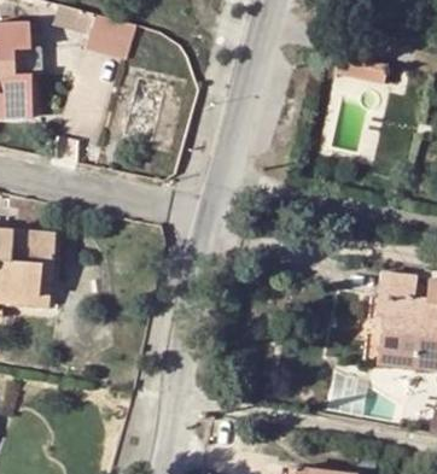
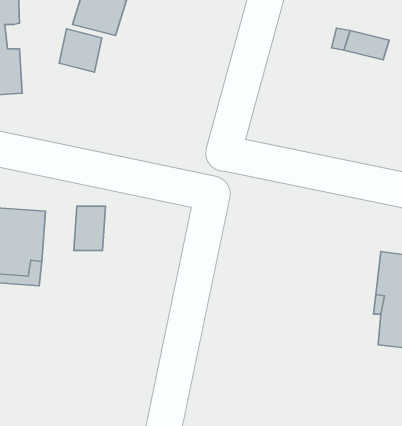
building: none -> [59,29,102,72]
building: none -> [74,206,106,250]

